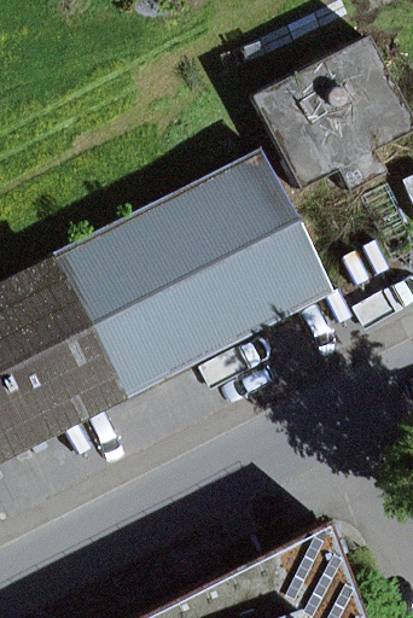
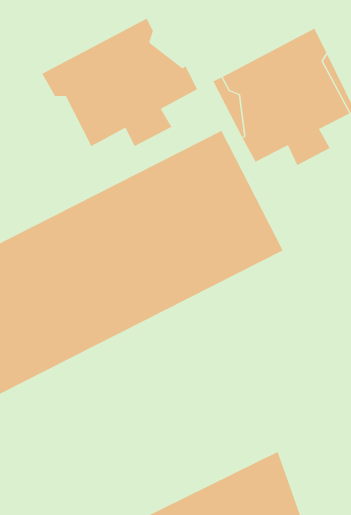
building: none -> [42,18,198,147]

